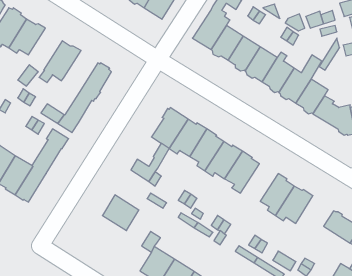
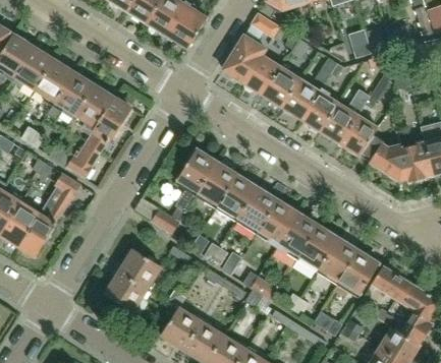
building: none -> [35,58,73,106]
building: none -> [75,83,114,131]
building: none -> [277,213,320,255]
building: none -> [335,249,379,298]
building: none -> [105,271,147,311]

